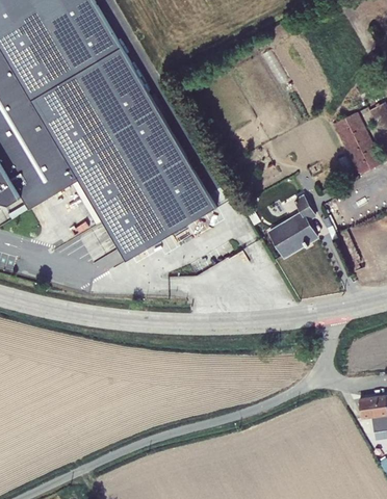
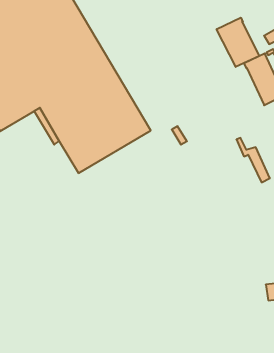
building: none -> [217,18,259,67]
building: [268,193,317,256] -> none

